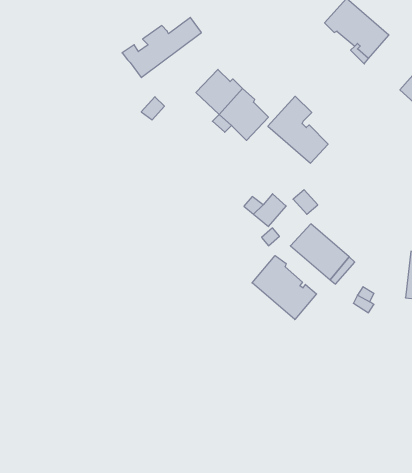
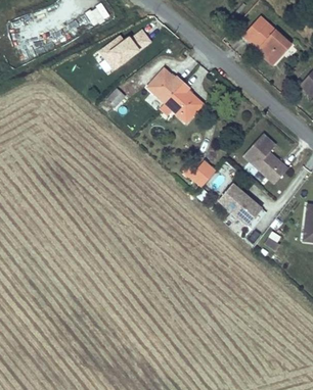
building: [268,96,328,163] -> [242,134,287,184]
building: [252,256,317,320] -> none

